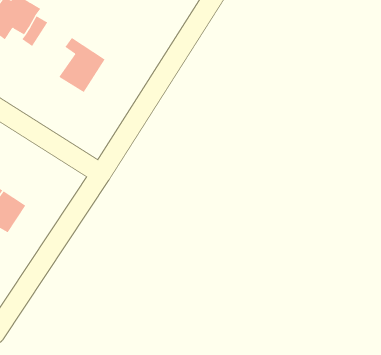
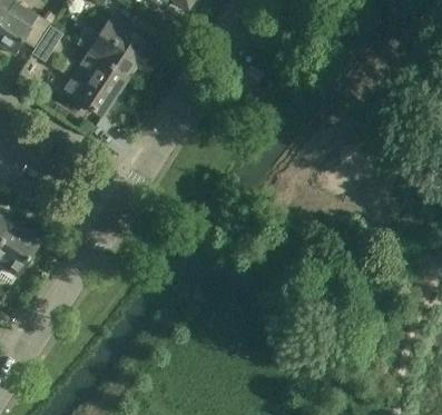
building: none -> [73,18,155,75]

